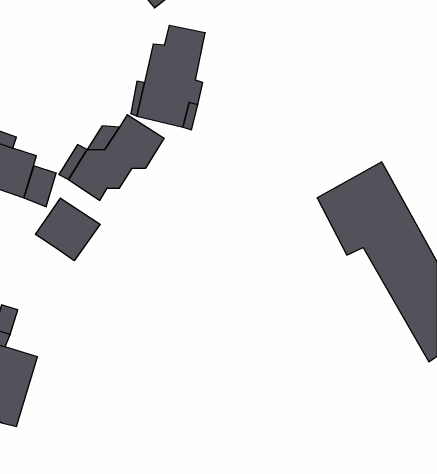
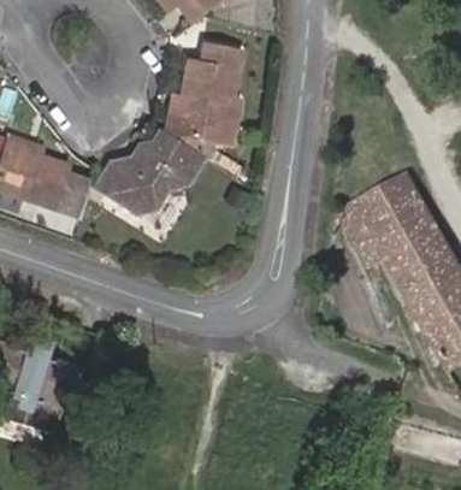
building: [36,198,100,261] -> none

